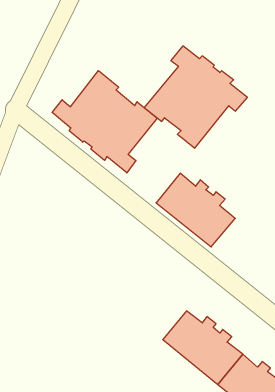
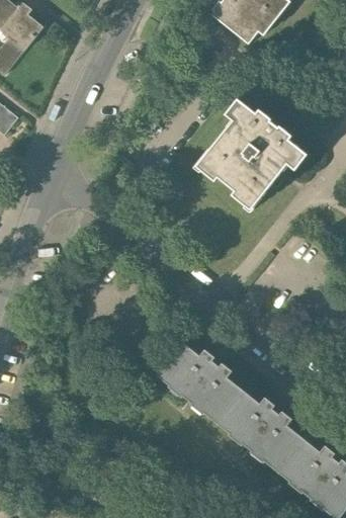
building: [52,71,157,173] -> none
building: [156,173,235,247] -> [154,339,241,420]

